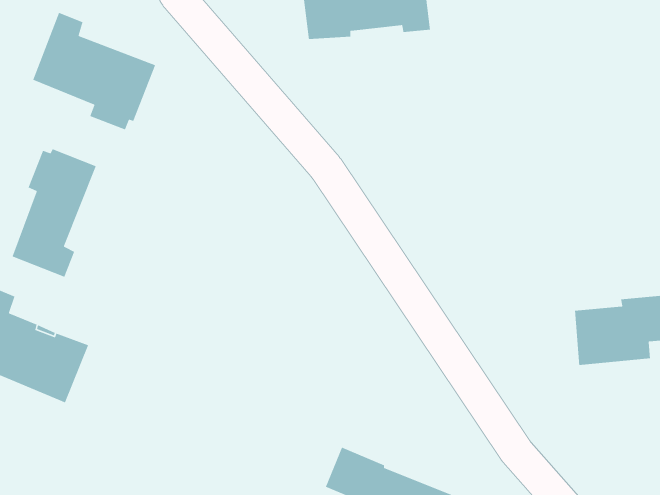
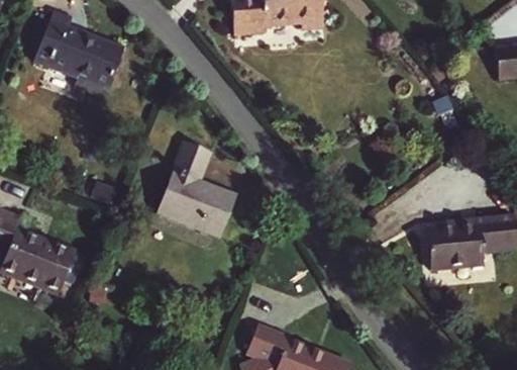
building: [11,148,97,278] -> none
building: none -> [160,143,236,237]

